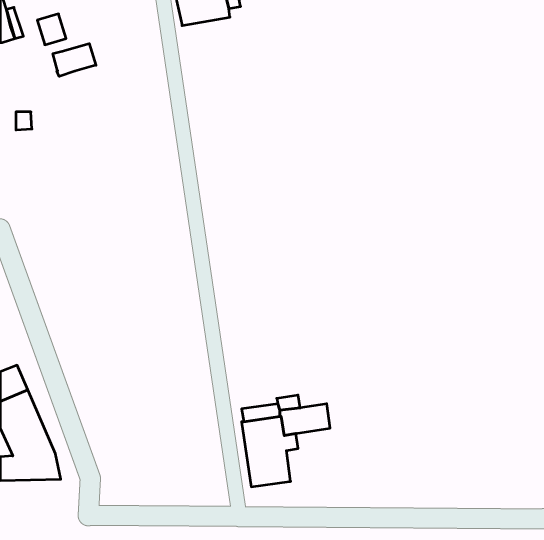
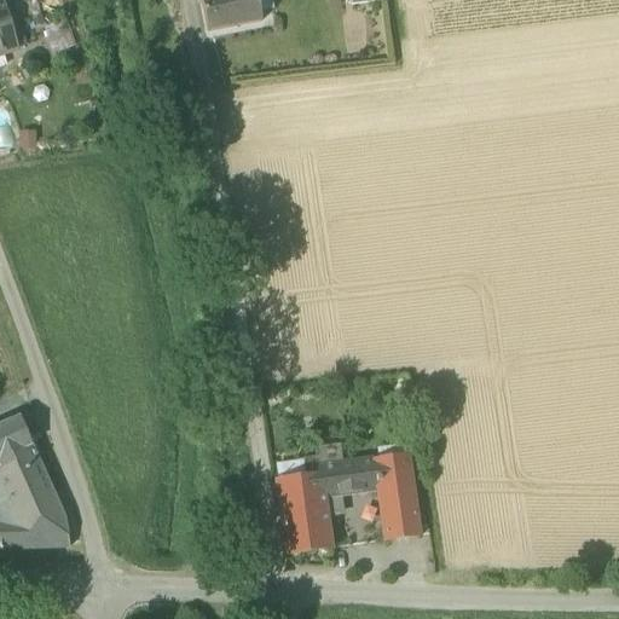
building: [53,44,96,76] -> none
building: none -> [371,453,418,539]

